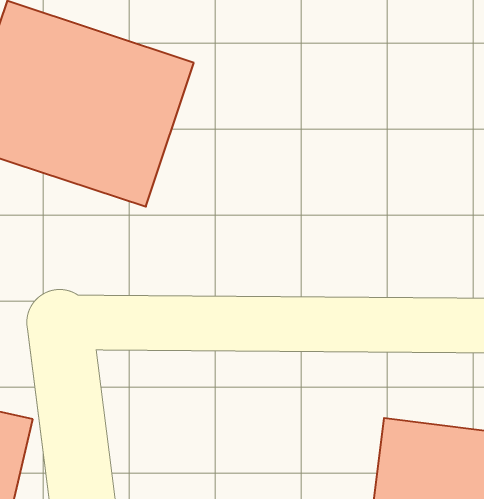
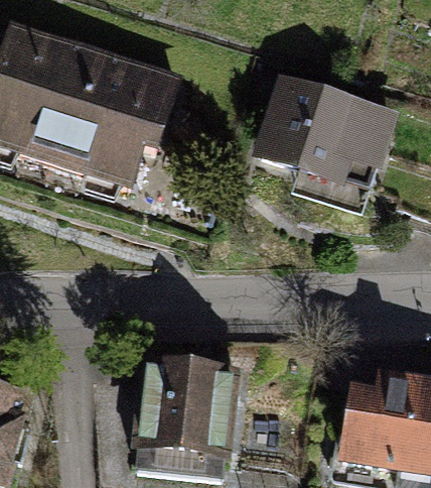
building: none -> [263,81,373,182]
building: none -> [138,347,237,444]

